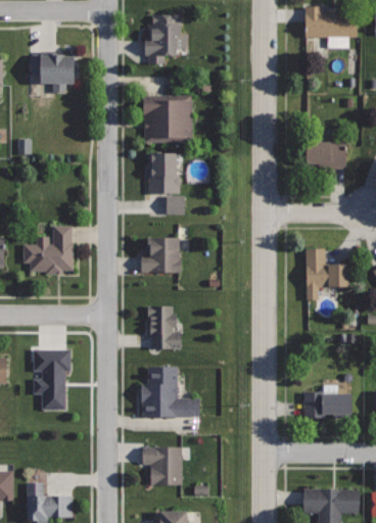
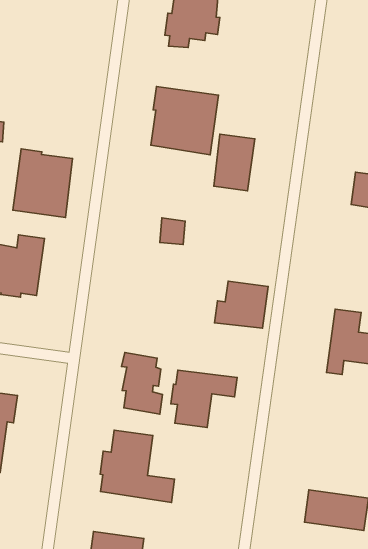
building: [33,51,75,92] -> none
building: [147,153,175,194] -> [214,134,255,191]
building: none -> [13,149,72,218]
building: [141,239,179,273] -> [214,281,268,328]
building: none -> [171,370,237,428]

